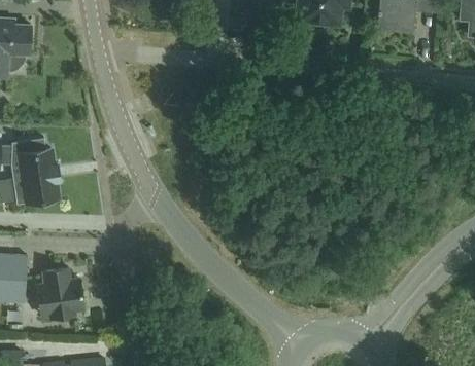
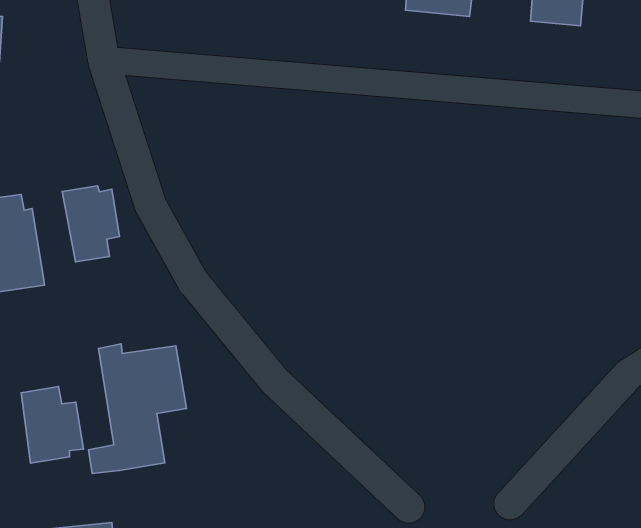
building: none -> [62,186,119,262]
building: none -> [89,344,186,473]

